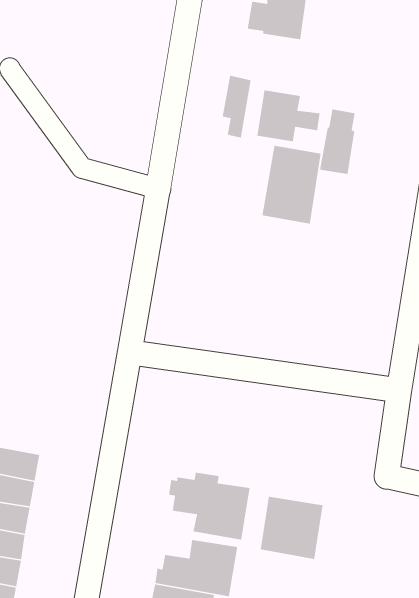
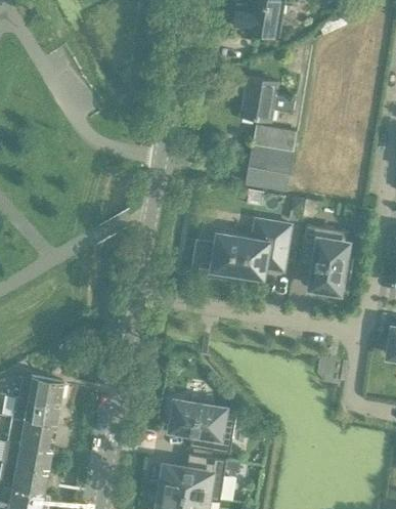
building: [222,75,251,139] -> none
building: [319,109,356,175] -> none
building: none -> [192,220,291,280]
building: none -> [300,224,352,296]
building: [260,496,324,560] -> none

